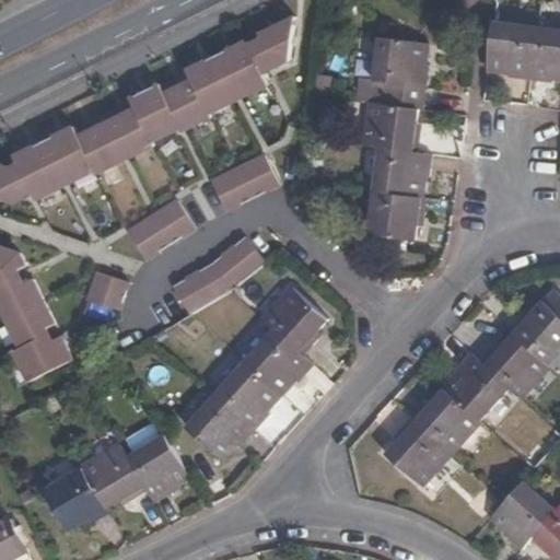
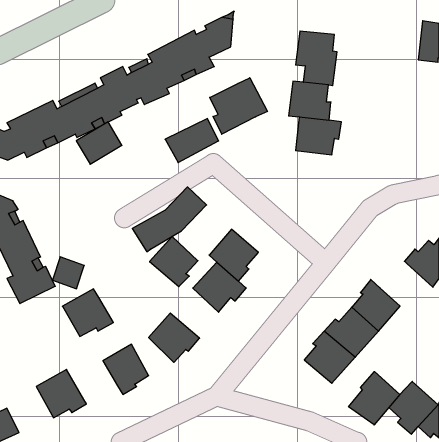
building: [489,20,535,75] -> none
building: none -> [210,78,267,134]
building: [370,190,425,240] -> none
building: [133,195,191,248] -> [76,122,122,164]
building: [85,272,126,313] -> [52,257,84,289]
building: [481,334,548,397] -> none
building: [215,364,277,428] -> [150,236,198,287]
building: [84,445,149,505] -> [62,289,113,336]
building: none -> [349,372,400,425]

